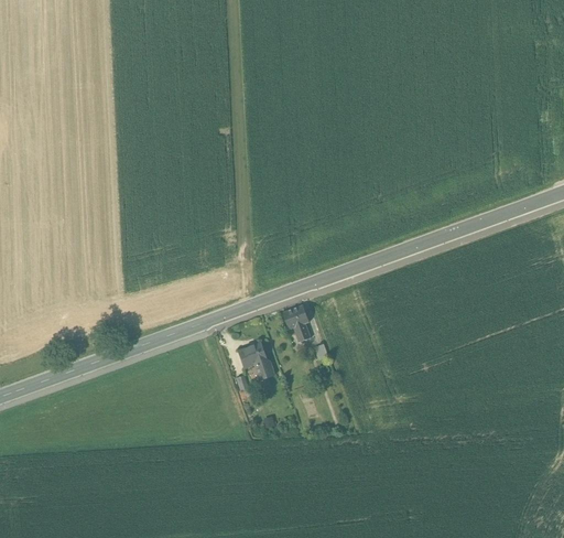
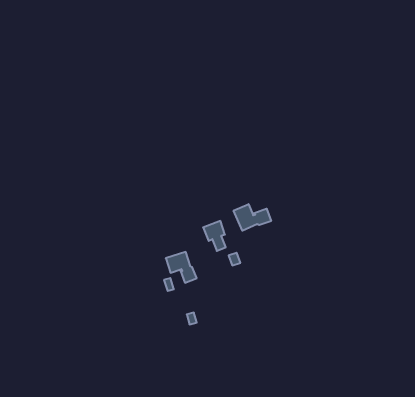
building: none -> [234,204,271,231]

